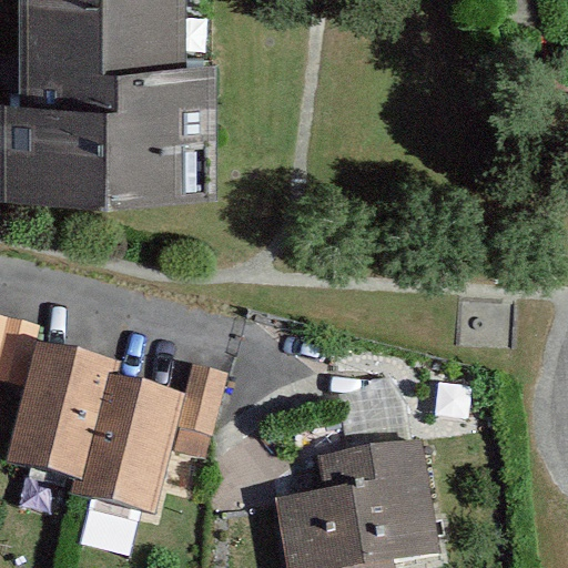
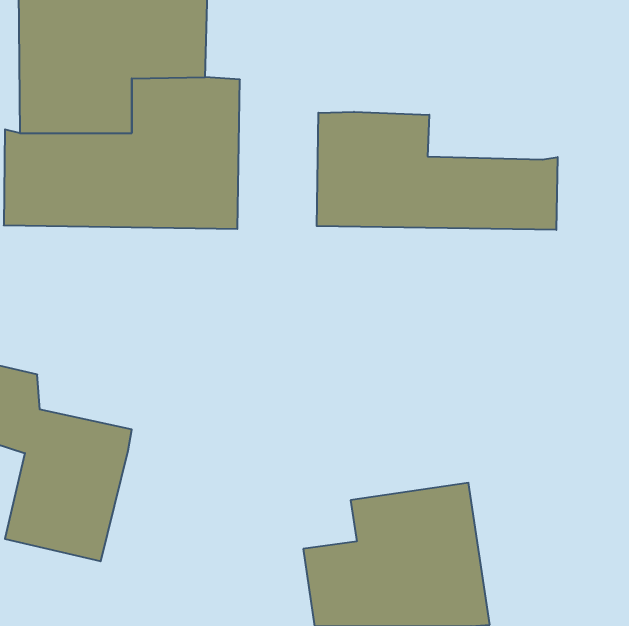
building: none -> [317,112,558,230]
building: [85,376,224,536] -> none

